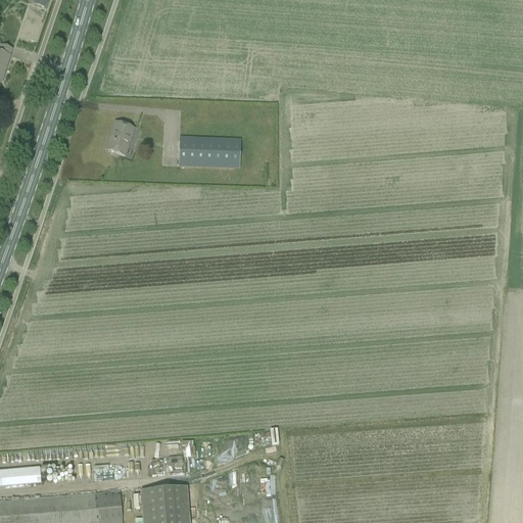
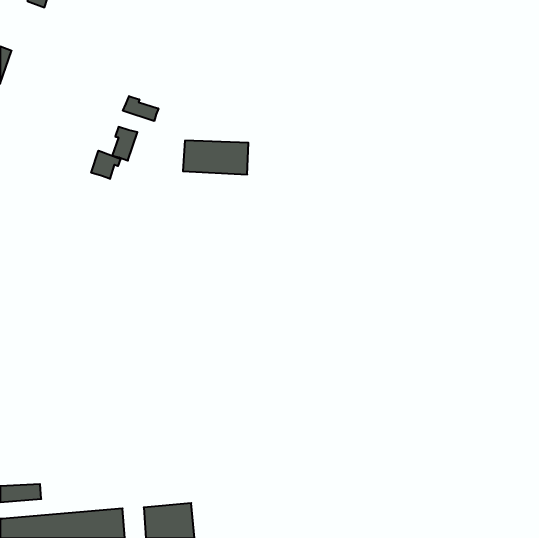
building: none -> [123,96,158,121]
building: none -> [91,151,120,179]

